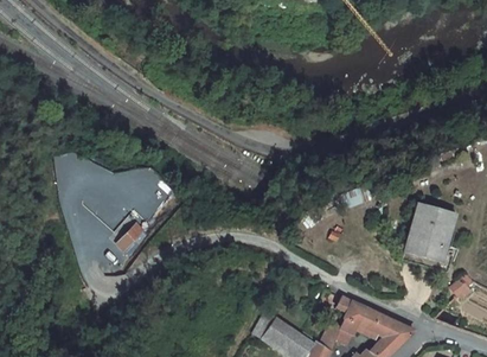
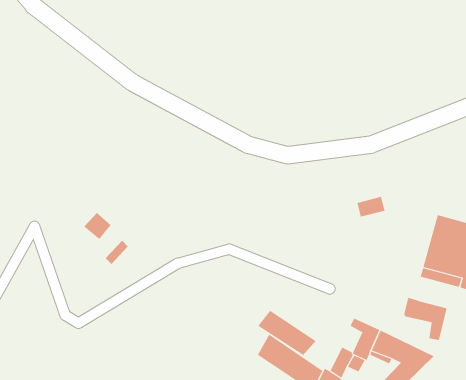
building: none -> [404,297,447,341]
building: none -> [257,310,316,356]

